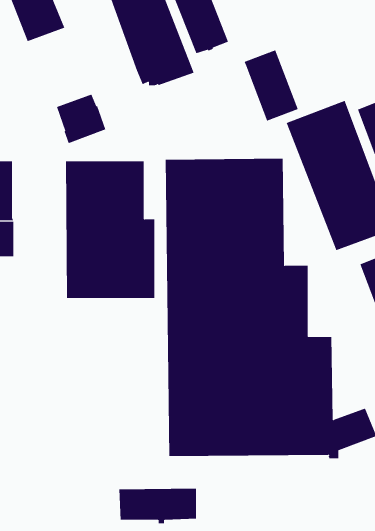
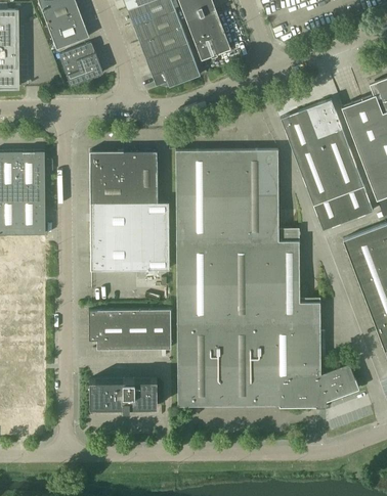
building: [244,49,298,122] -> none
building: [56,94,106,144] -> [59,43,102,86]
building: none -> [88,310,171,349]
building: [119,488,197,524] -> [89,379,157,410]

